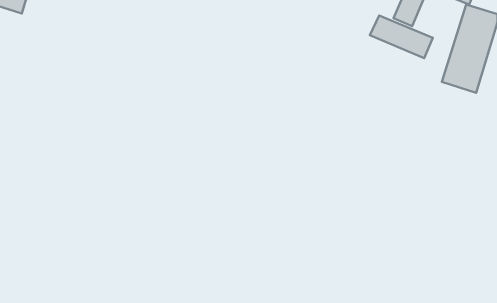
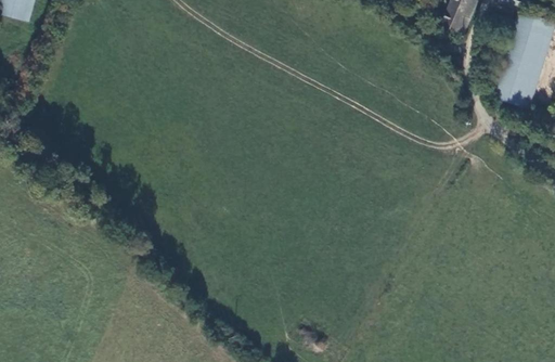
building: [370,15,433,58] -> none

